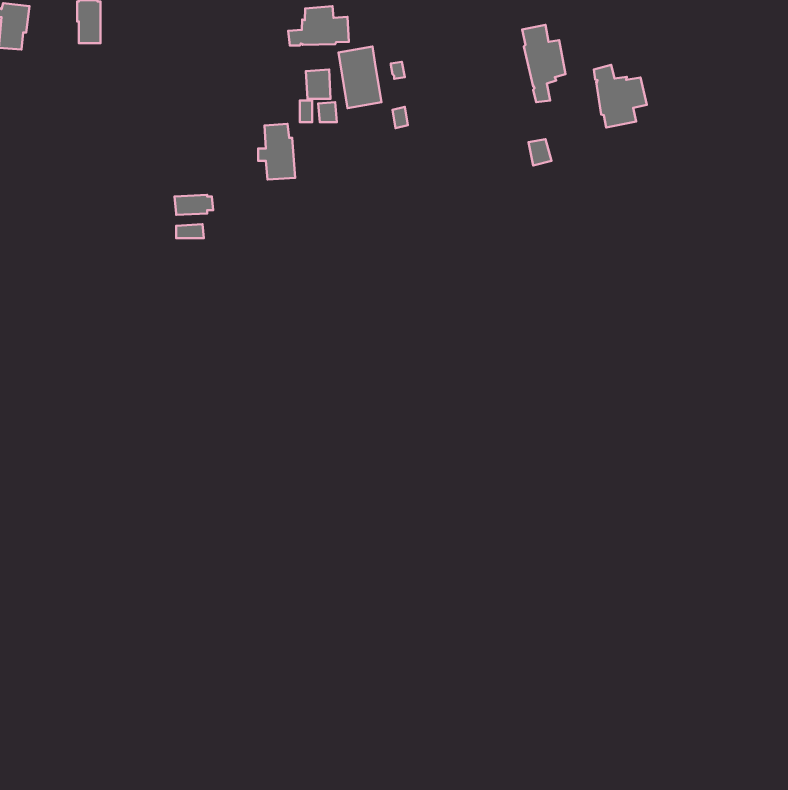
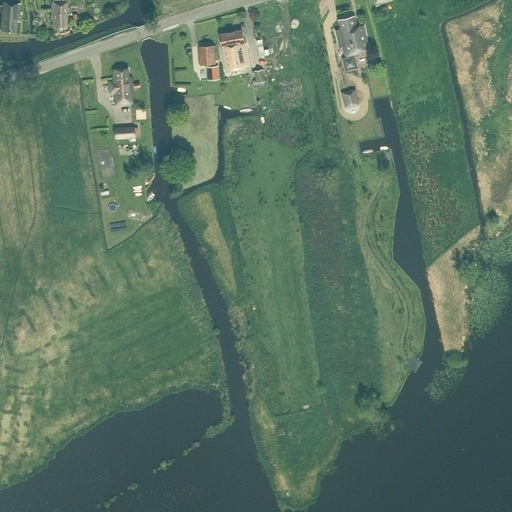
building: [288,6,349,46] -> none
building: [594,65,647,127] -> none
building: [258,124,295,179] -> [108,69,132,105]

